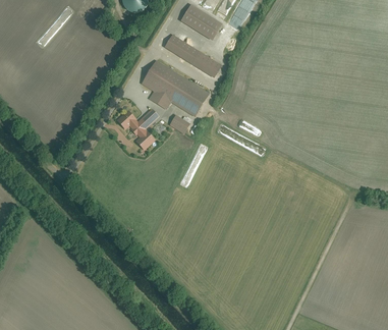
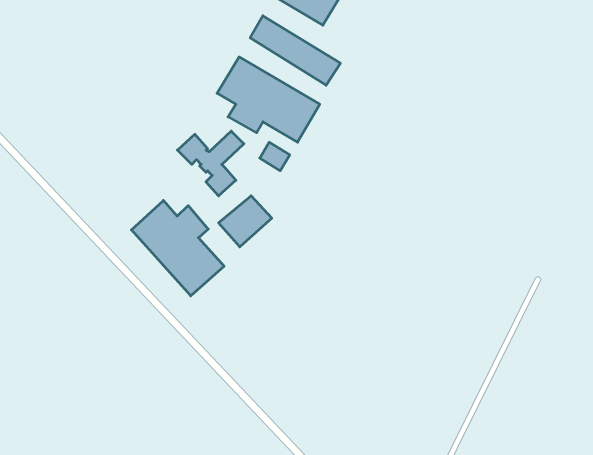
building: none -> [219,196,272,247]
building: none -> [131,200,224,296]

